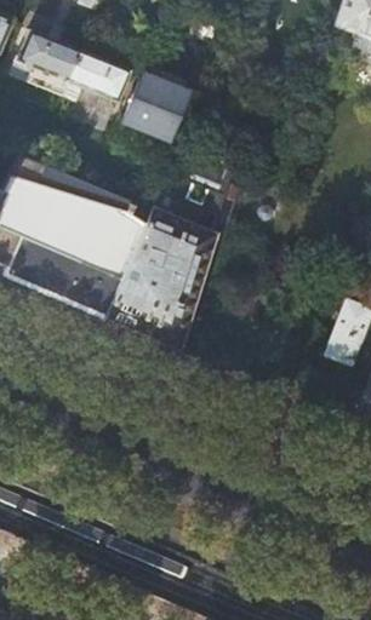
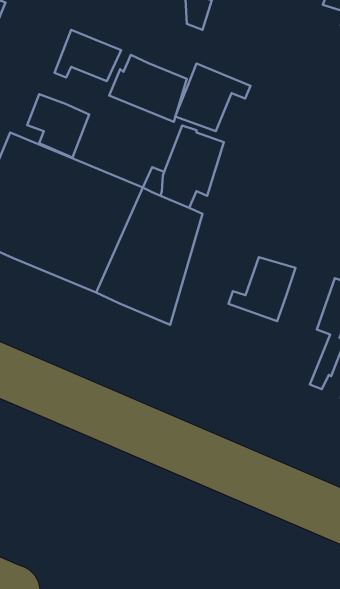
building: [18,29,81,93] -> [27,94,89,157]
building: none -> [175,63,250,131]
building: none -> [228,257,296,321]

